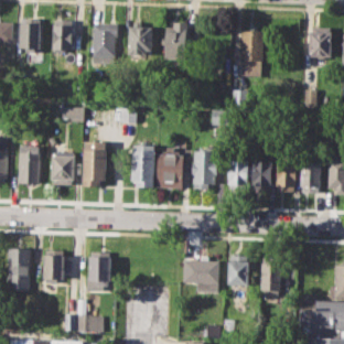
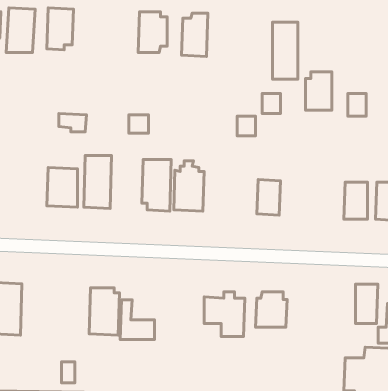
building: [93,24,117,72] -> none
building: [309,28,331,60] -> [306,72,332,110]
building: [20,147,41,185] -> none
building: [192,151,216,184] -> none
building: [250,162,271,192] -> none
building: [276,164,295,195] -> none
building: [44,251,67,282] -> none
building: [261,261,280,294] -> [355,284,378,324]
building: [77,300,106,333] -> [120,300,154,340]

